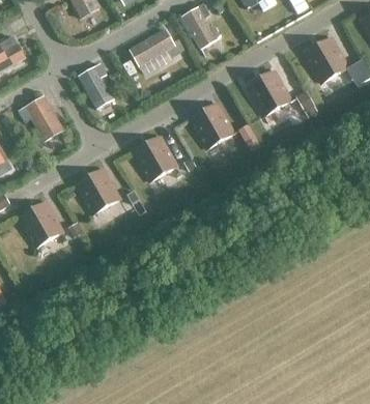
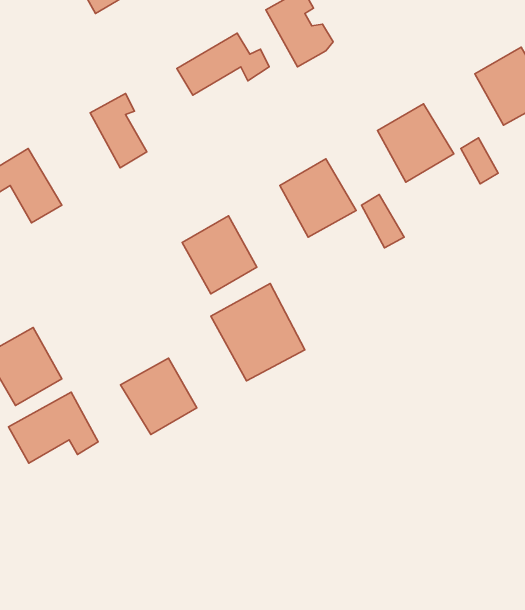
building: [75,169,119,213] -> [121,358,197,435]
building: none -> [211,283,305,381]
building: none -> [9,392,98,463]

